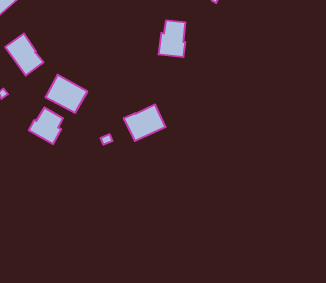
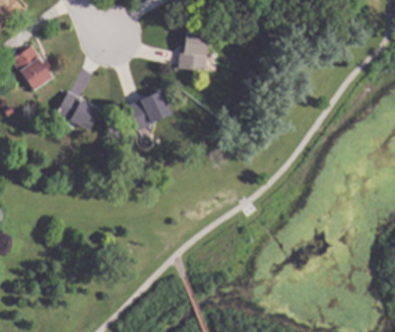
building: [124,105,166,141] -> [127,90,173,130]
building: [29,107,63,144] -> none

